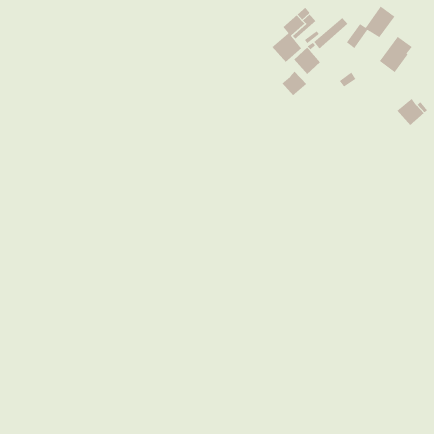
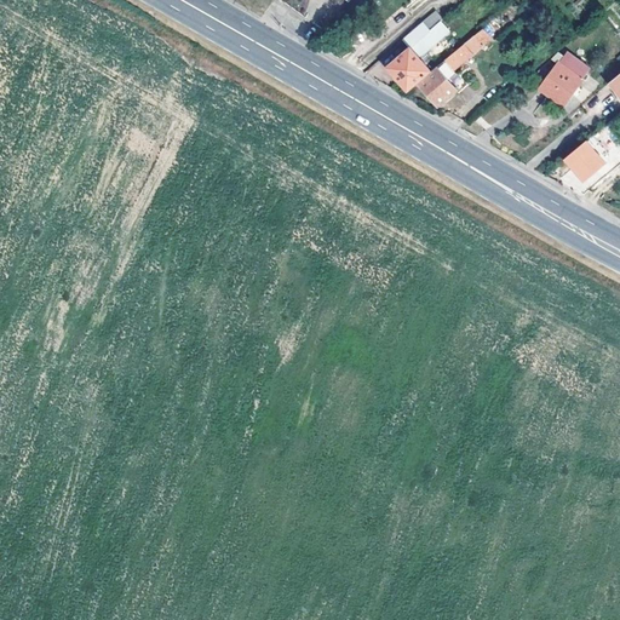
building: [346,5,396,49] -> none
building: [282,71,307,96] -> none

